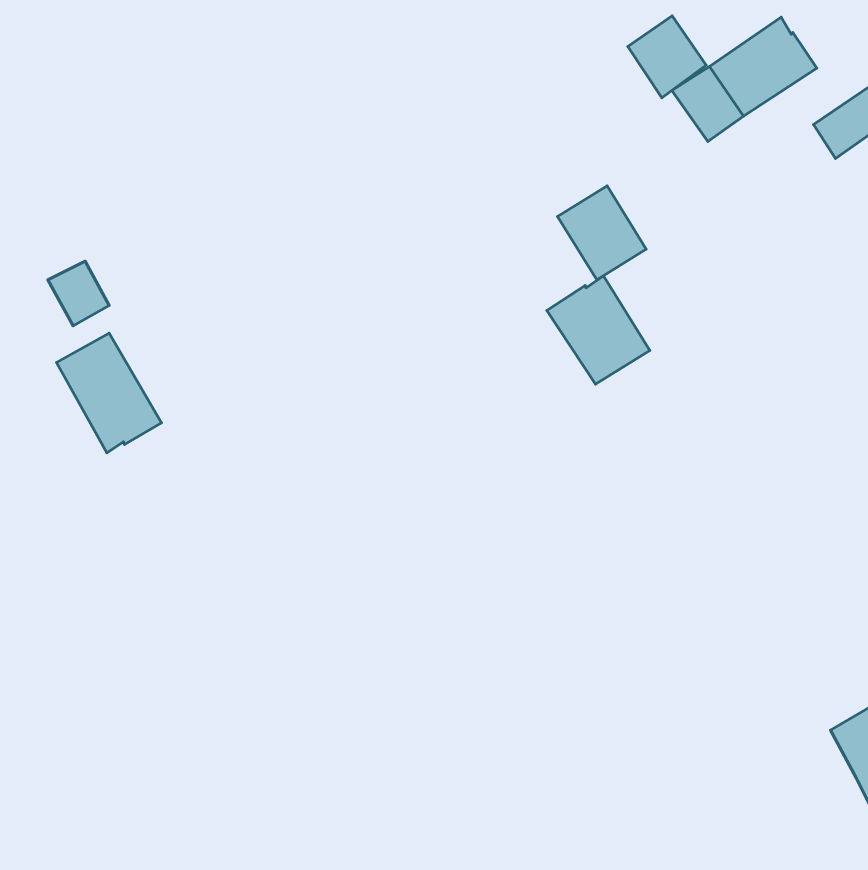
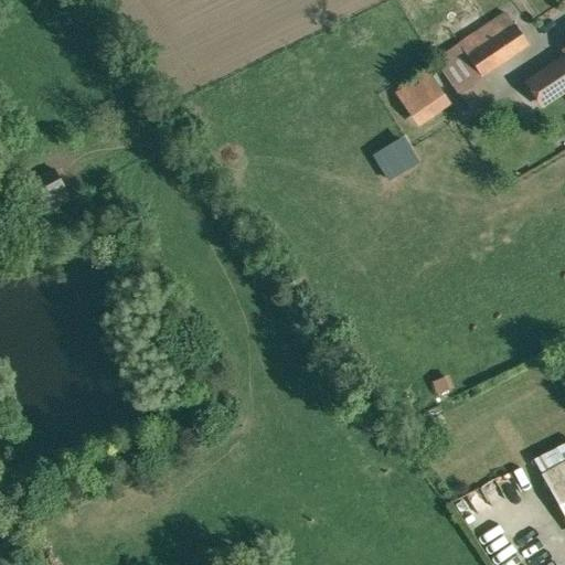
building: [628,16,706,98] -> [398,70,449,122]
building: [547,276,650,384] -> none
building: [57,333,162,453] -> none

